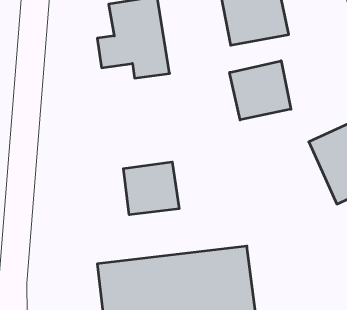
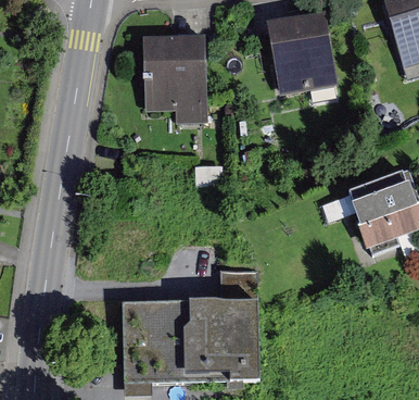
building: [230,61,291,120] -> none
building: [123,162,179,215] -> none

